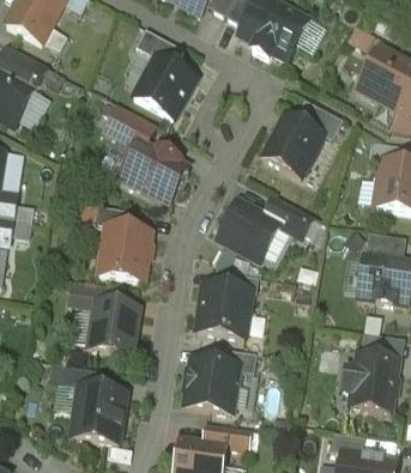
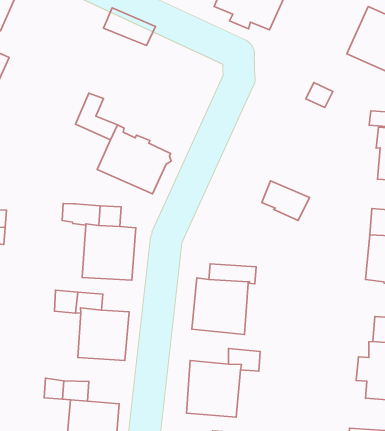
building: [133,55,195,116] -> none
building: [262,114,322,175] -> none
building: [218,200,280,261] -> none

